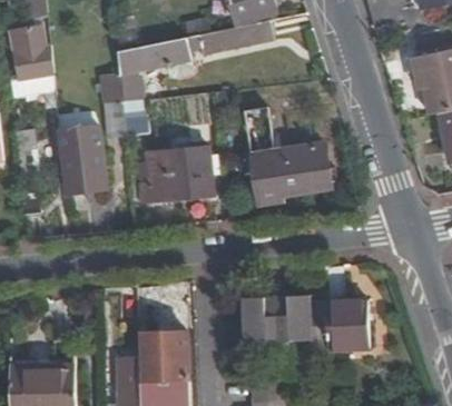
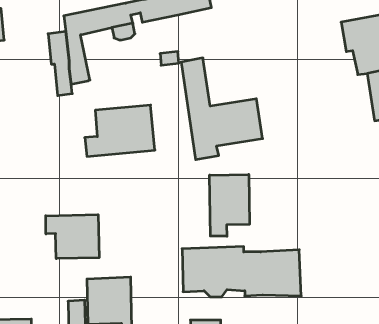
building: [57,122,107,192] -> none
building: none -> [210,174,249,236]
building: none -> [46,215,99,259]

